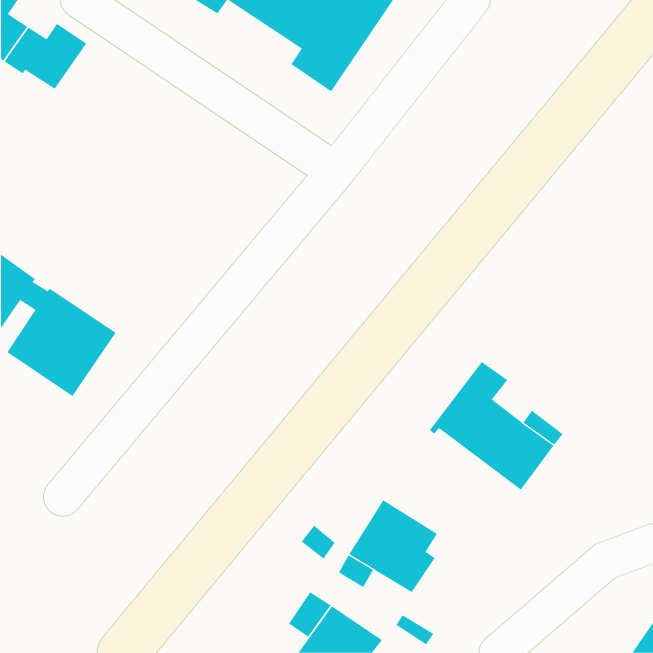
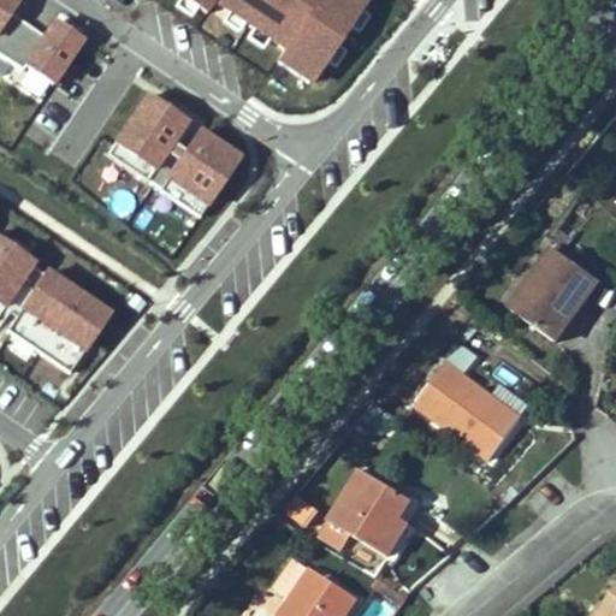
building: none -> [99,83,232,206]
building: none -> [509,248,600,343]

